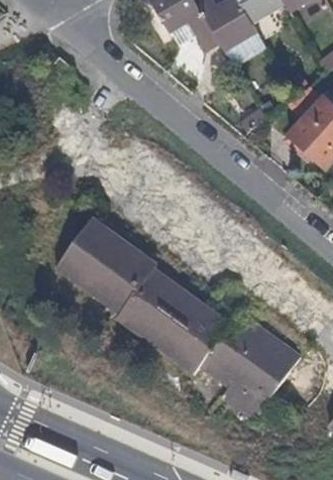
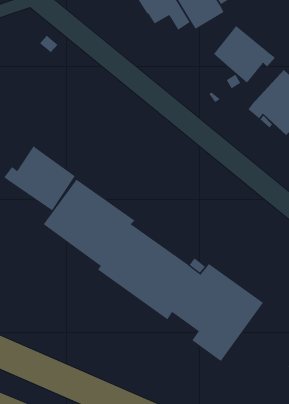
building: none -> [213,25,275,83]
building: none -> [4,146,75,211]

